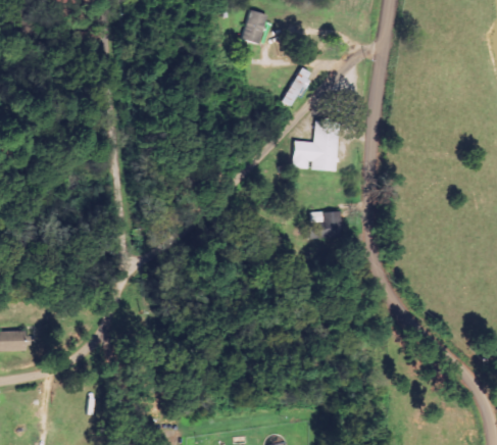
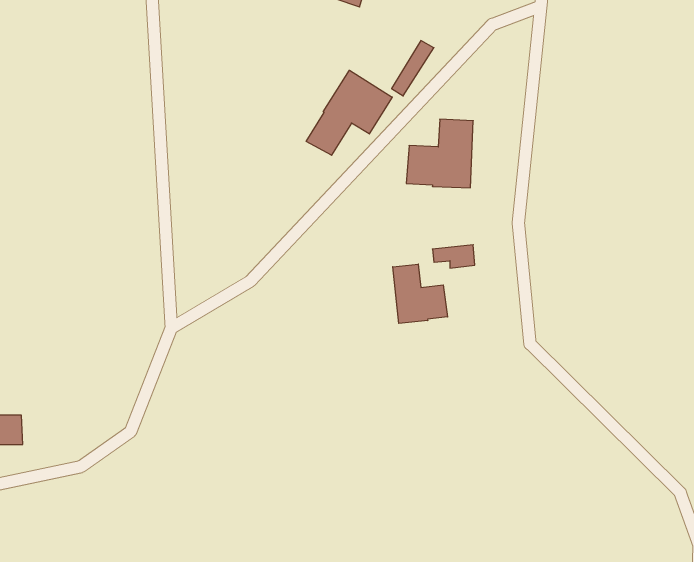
building: none -> [306,70,392,155]
building: none -> [393,264,448,323]

